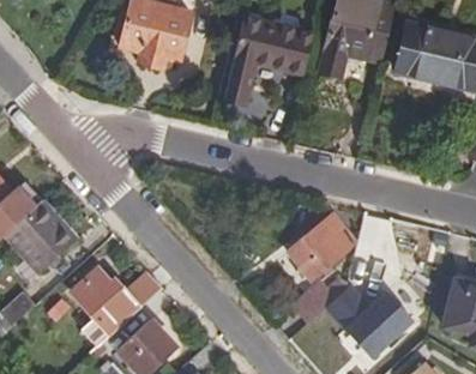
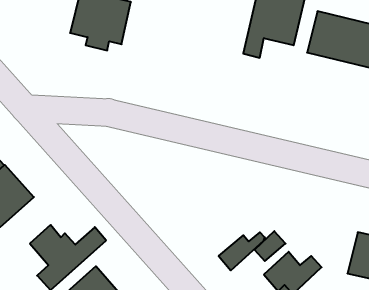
building: [224,17,300,103] -> none
building: [288,215,356,278] -> none

